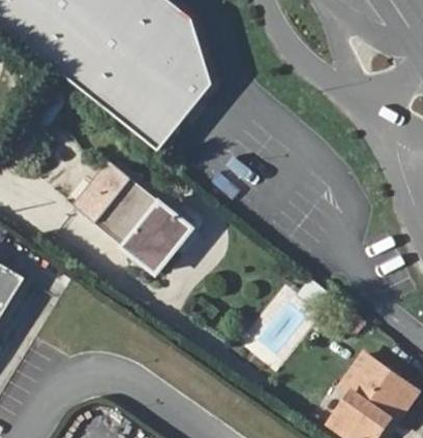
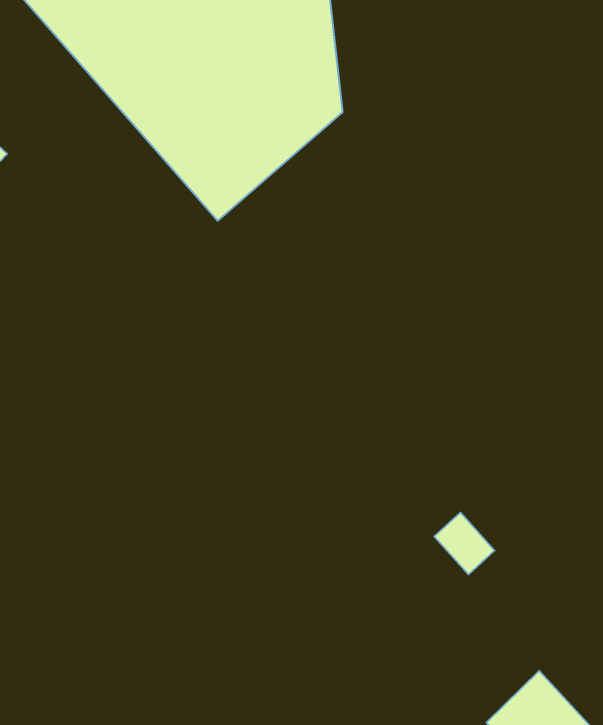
building: [73,162,191,270] -> none

